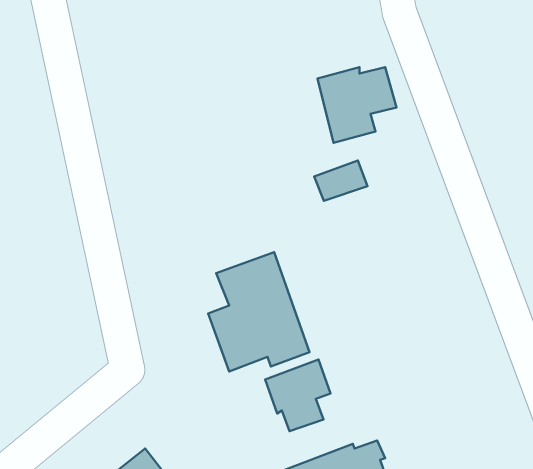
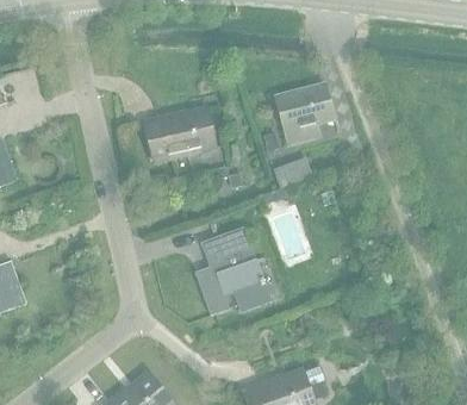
building: none -> [144,105,214,160]
building: [265,359,331,431] -> none

